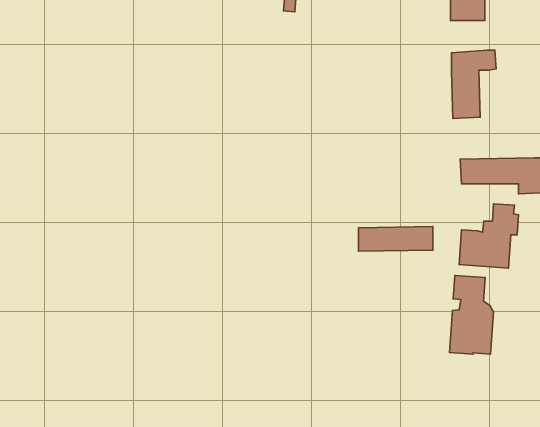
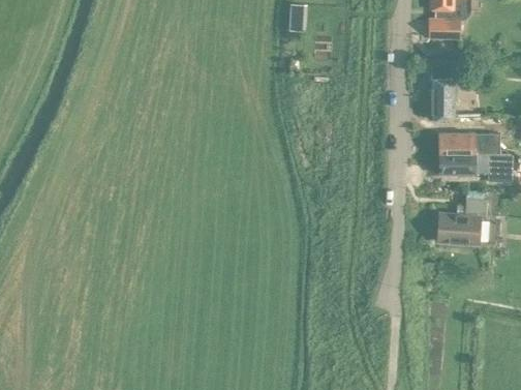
building: [359,227,433,251] -> [438,133,500,154]
building: [449,275,494,354] -> none

